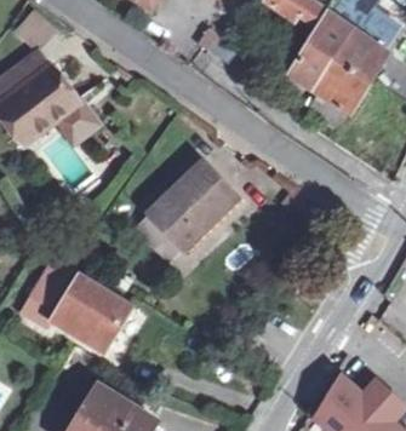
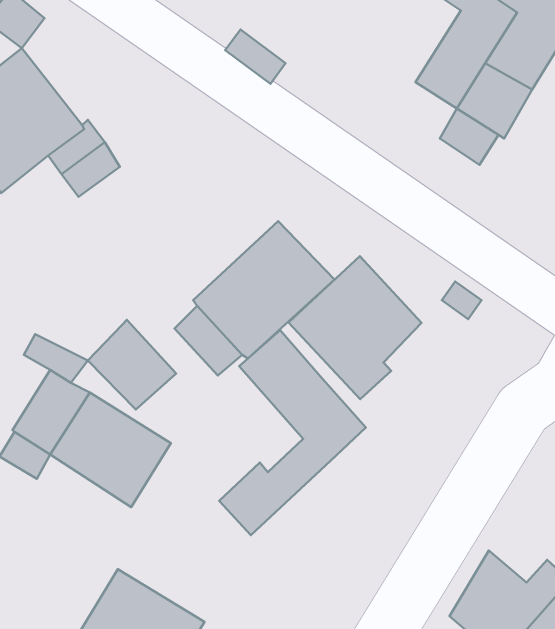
building: none -> [288,256,421,399]
building: none -> [88,320,176,410]
building: none -> [219,330,366,535]

